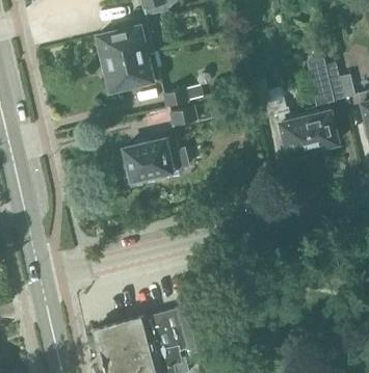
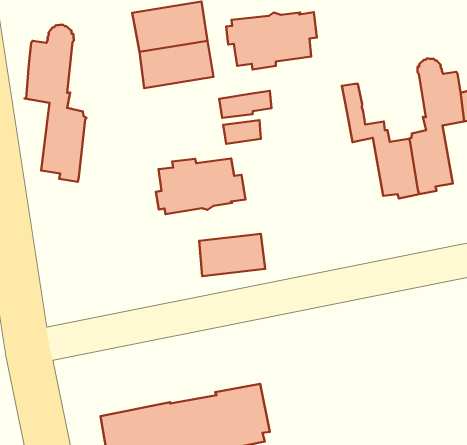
building: none -> [226,12,317,70]
building: none -> [25,25,87,182]
building: none -> [199,234,265,276]

